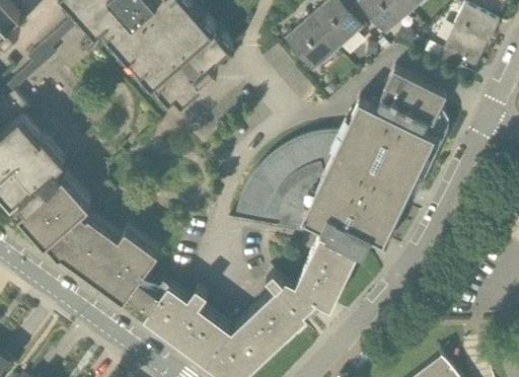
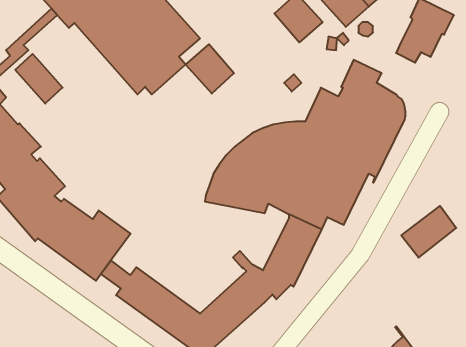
building: [285,18,336,70] -> [186,44,234,94]
building: none -> [15,54,63,104]
building: none -> [401,206,456,258]

